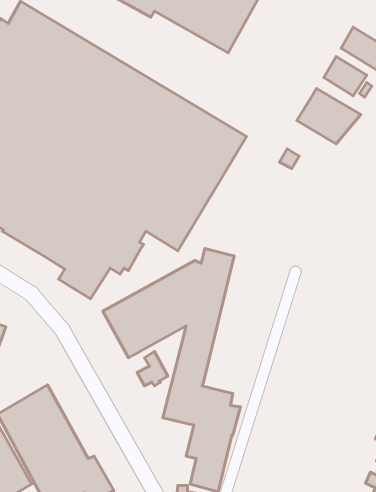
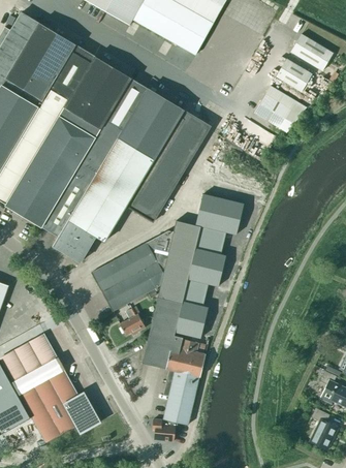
building: none -> [175,195,243,338]

